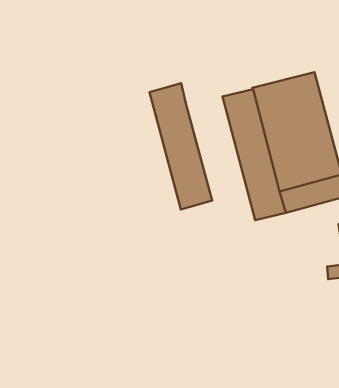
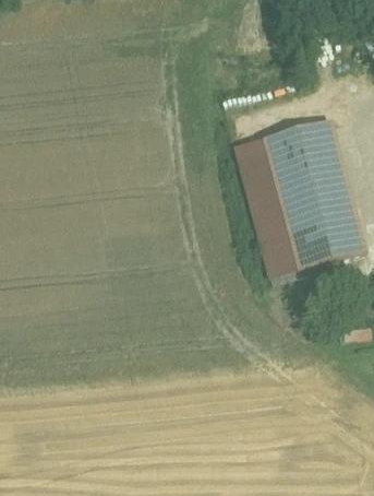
building: [150,83,212,209] -> none

